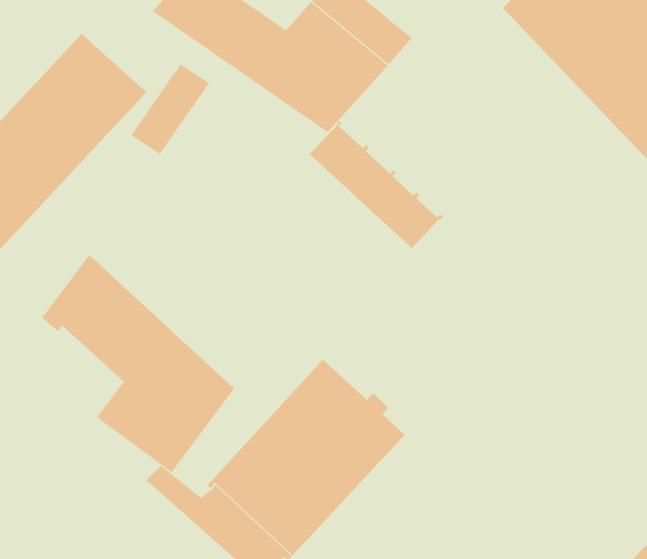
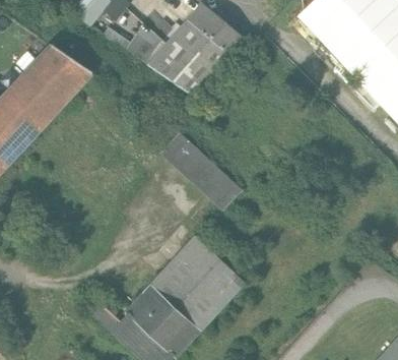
building: [130,64,210,155] -> none
building: [309,121,444,249] -> [162,131,244,208]
building: [42,254,235,473] -> none

